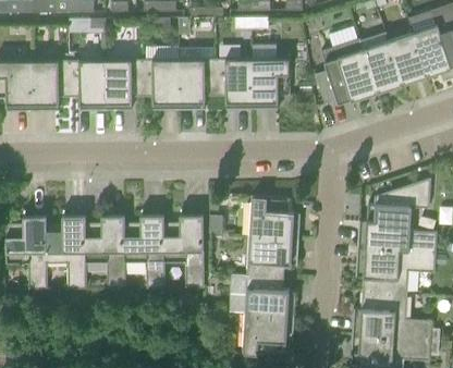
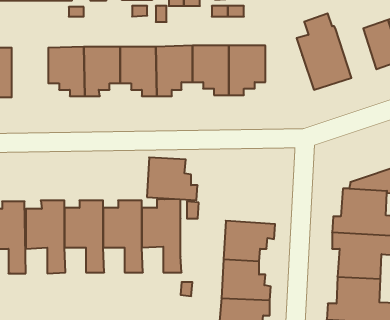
building: [360,32,402,90] -> none
building: [33,60,70,110] -> none
building: [249,195,301,238] -> [147,157,198,200]

